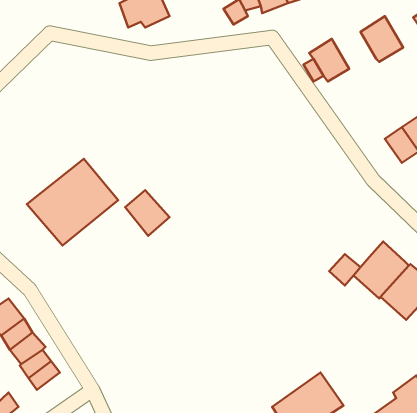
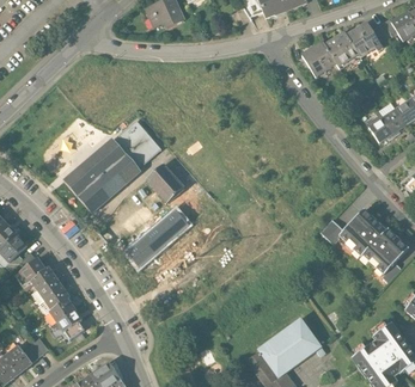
building: none -> [318,30,354,69]
building: none -> [109,121,160,176]
building: none -> [122,211,184,269]

